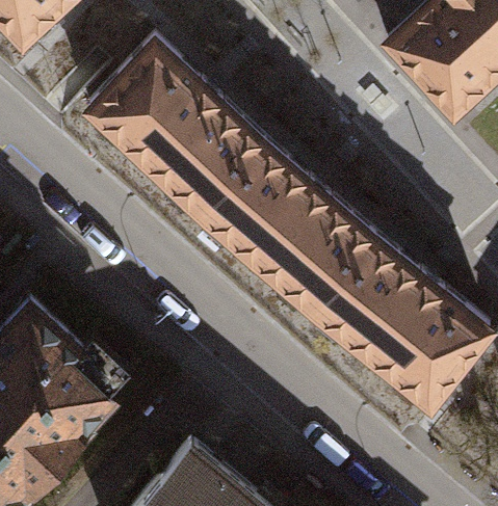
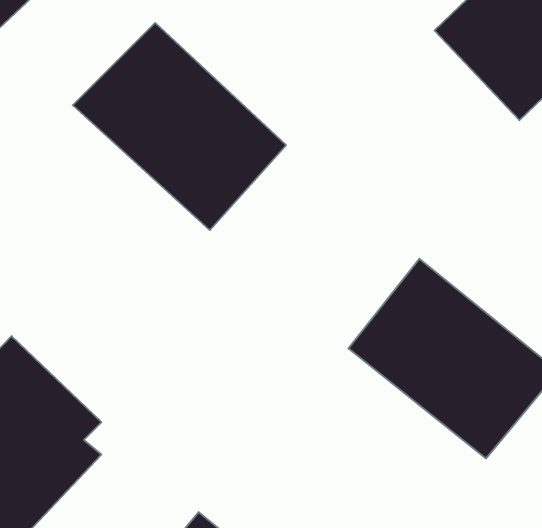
building: [202,138,376,308] -> none

